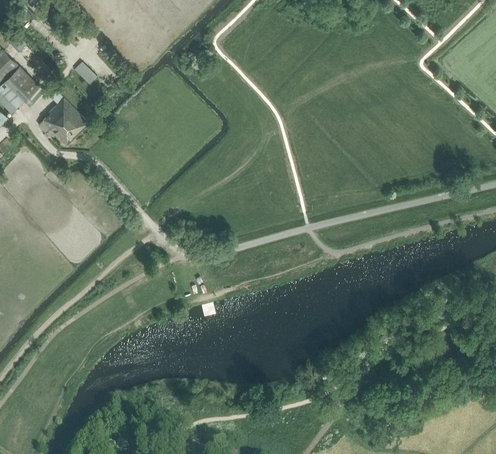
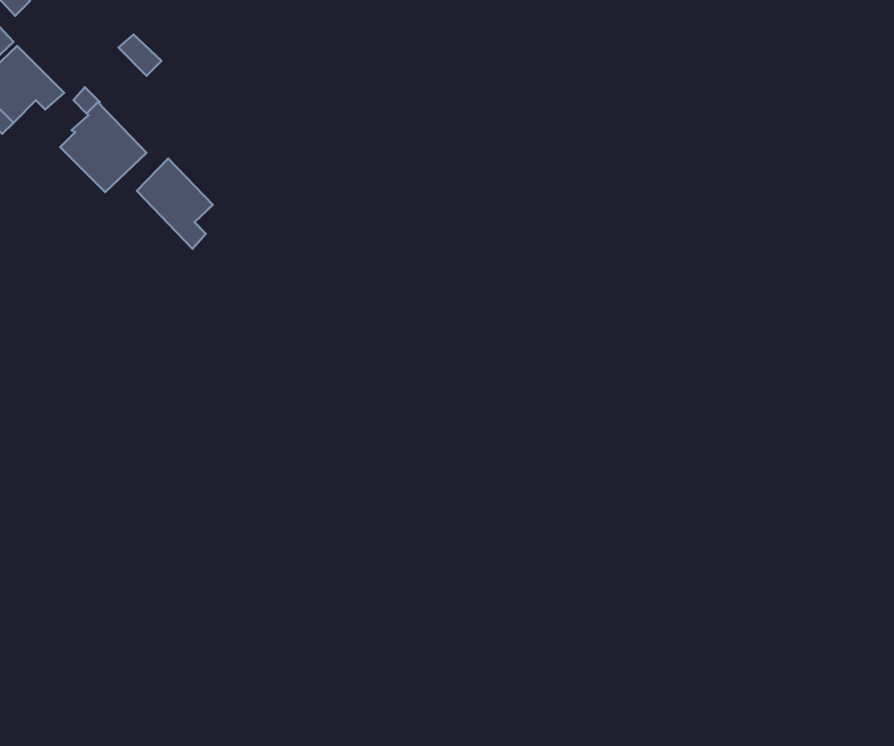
building: none -> [137,158,213,249]

